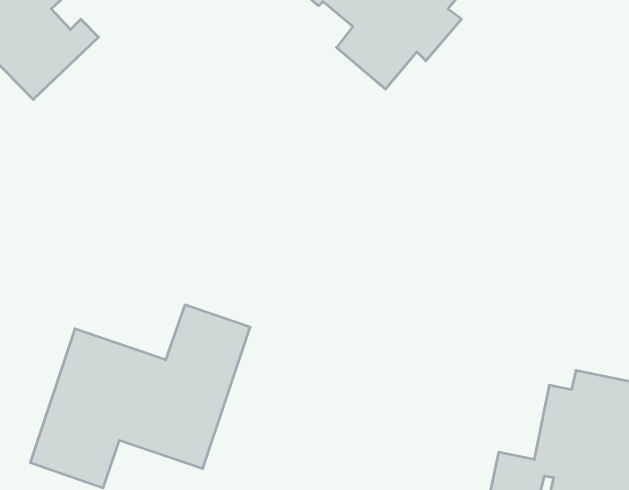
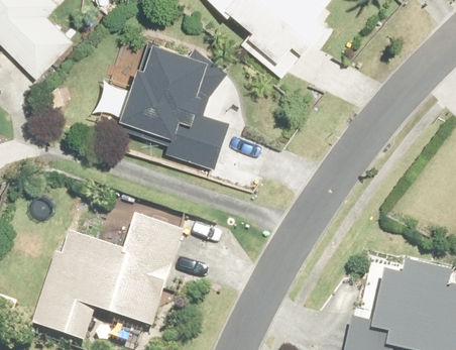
building: none -> [119,40,242,169]

